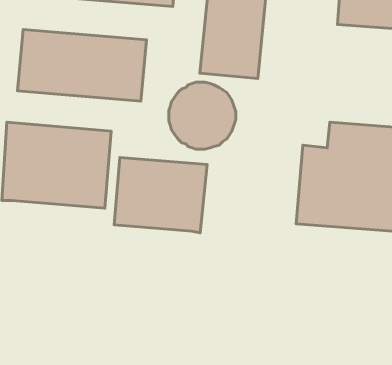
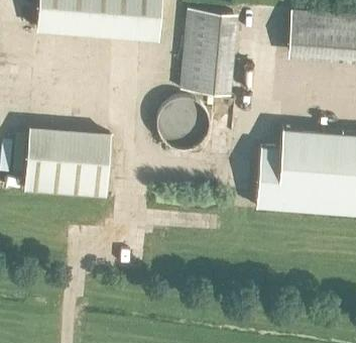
building: [17,29,147,101] -> none
building: [114,158,207,233] -> none

